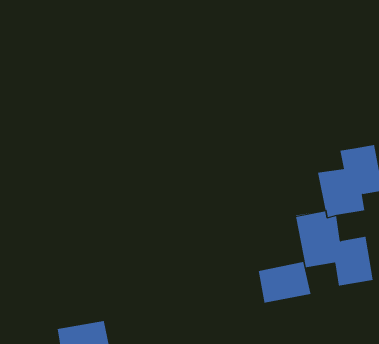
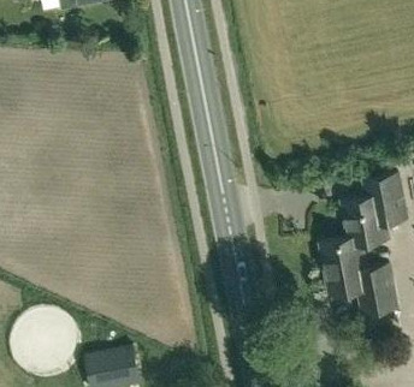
building: [258,261,311,303] -> none

